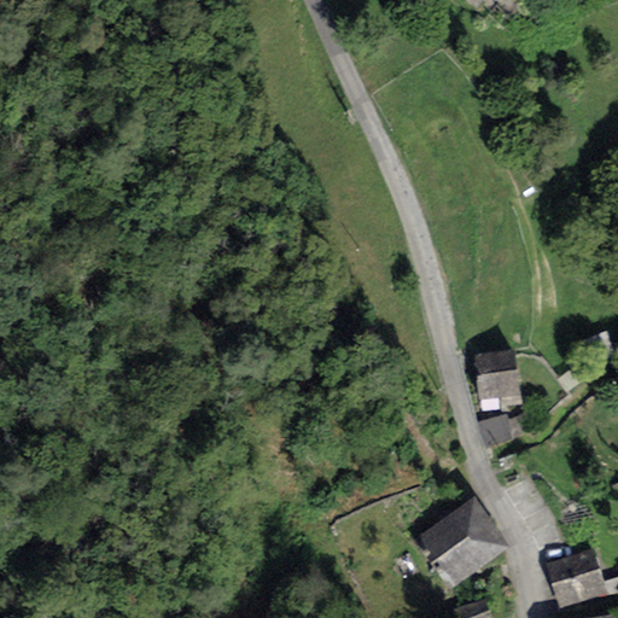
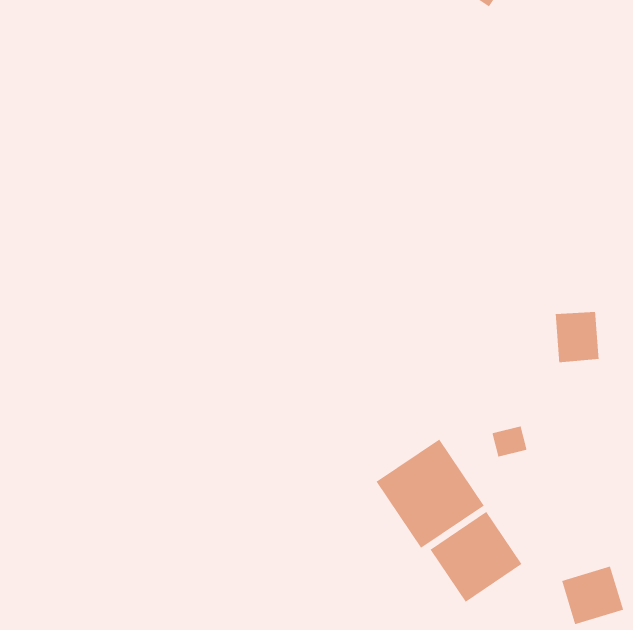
building: [476,352,519,403] -> [555,311,600,363]
building: none -> [375,438,485,549]

